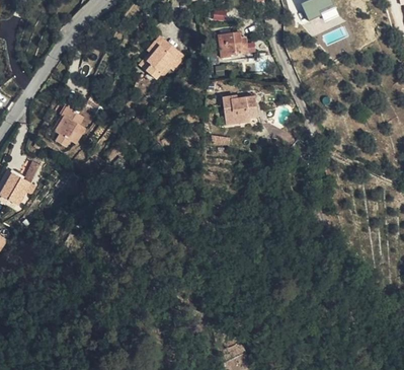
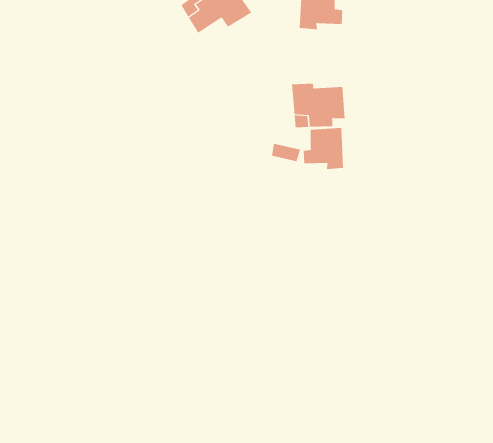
building: [56,108,100,150] -> none
building: none -> [303,127,344,170]

